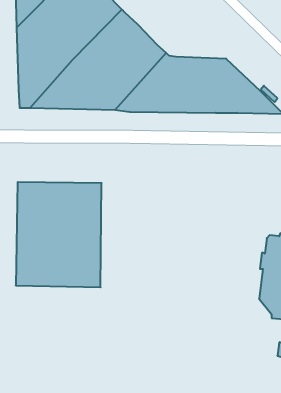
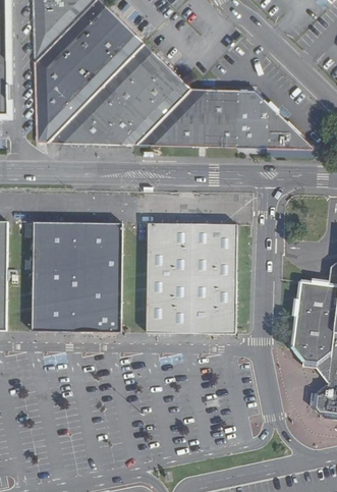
building: none -> [146,222,236,333]

